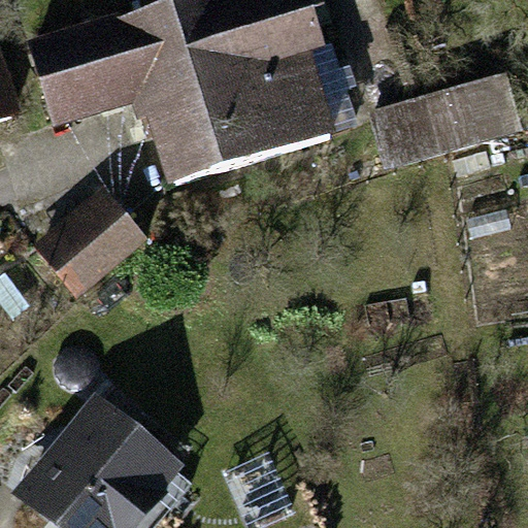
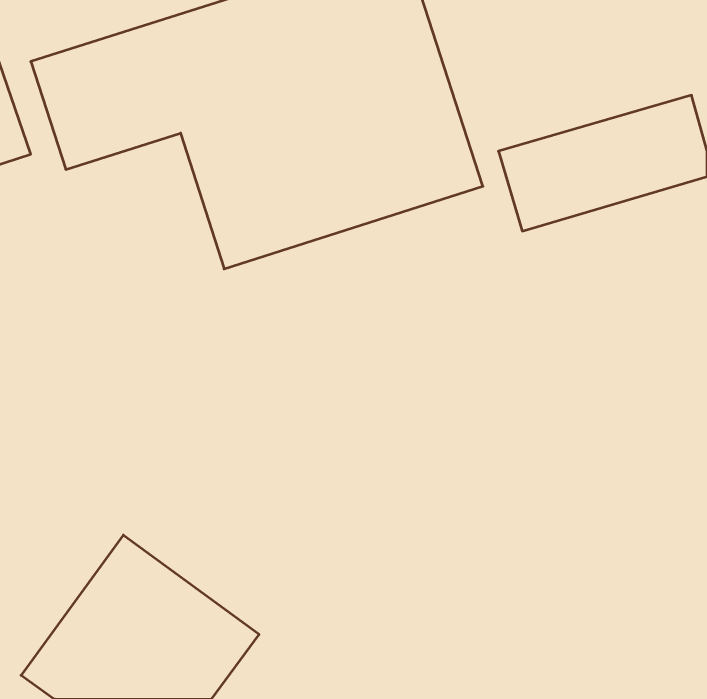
building: [33,186,147,299] -> none

